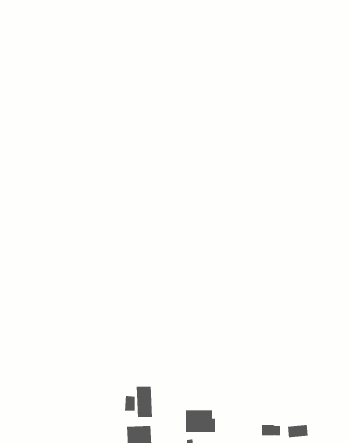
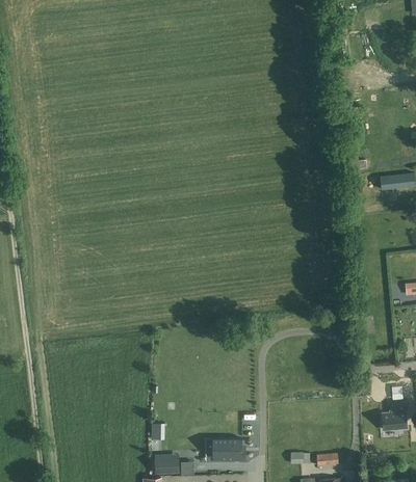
building: [136,386,152,418] -> none

